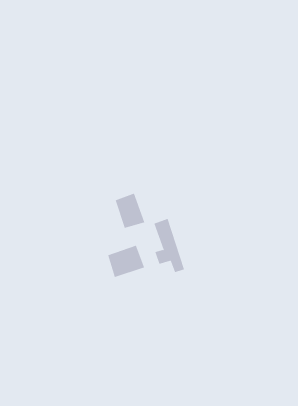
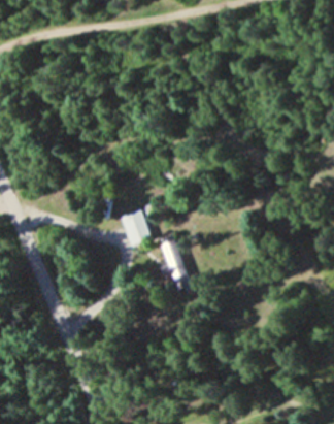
building: [107,245,145,278] -> none

